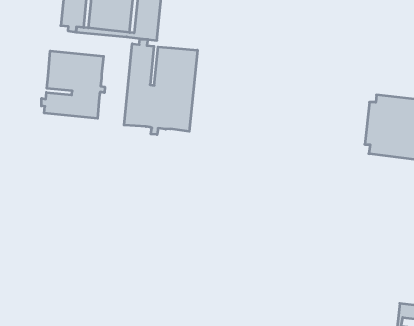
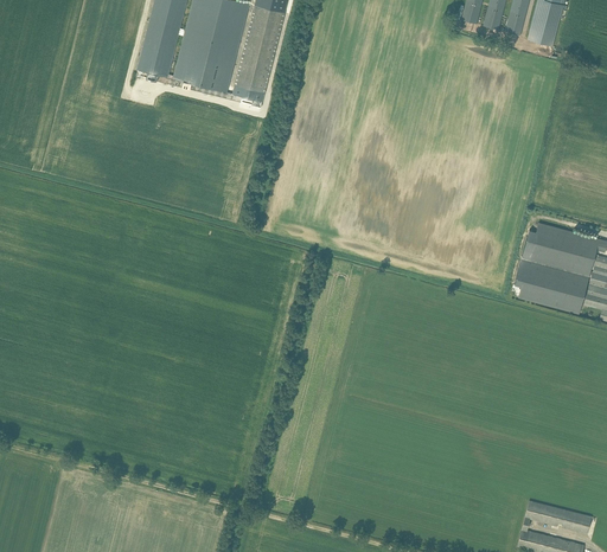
building: [124,39,197,135] -> none
building: [41,51,105,118] -> none

